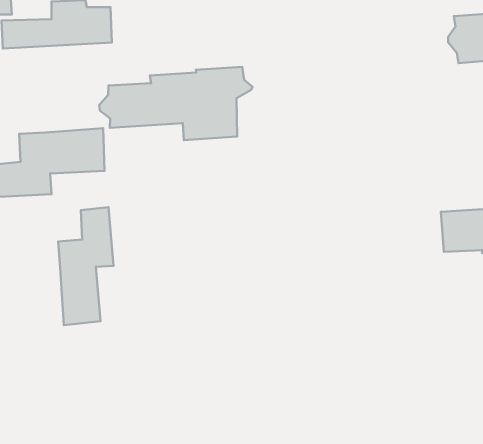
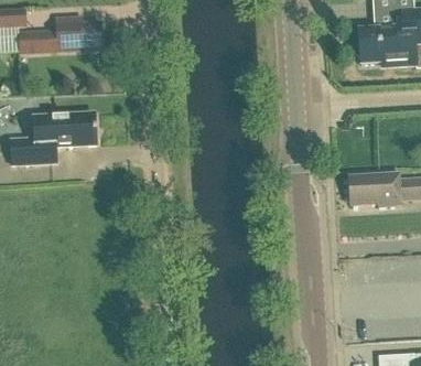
building: [99,67,253,140] -> none
building: [58,207,114,325] -> none

